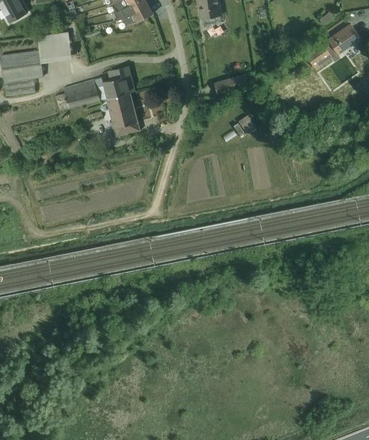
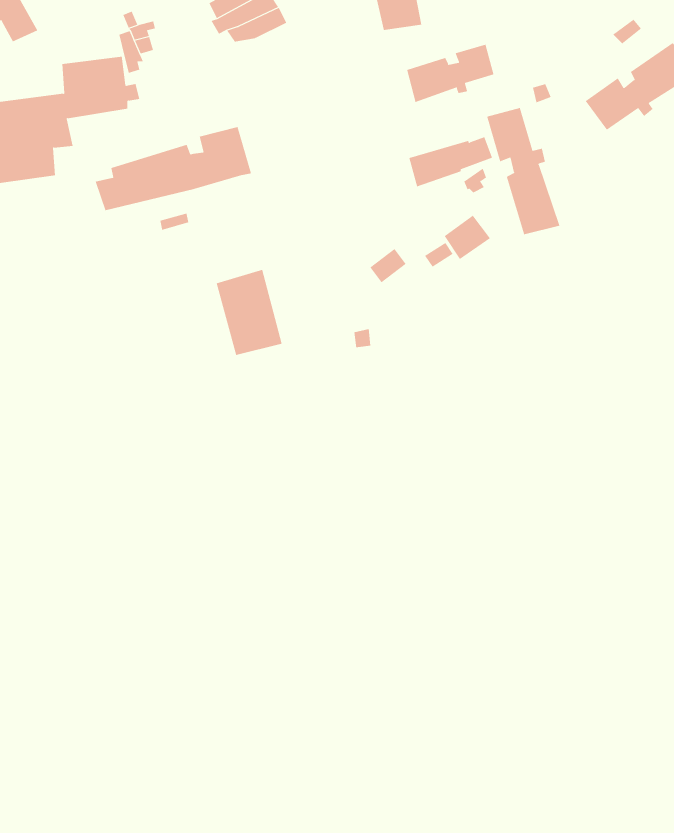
building: none -> [406,44,494,103]
building: none -> [487,107,560,235]
building: [106,92,140,136] -> [216,269,282,356]

